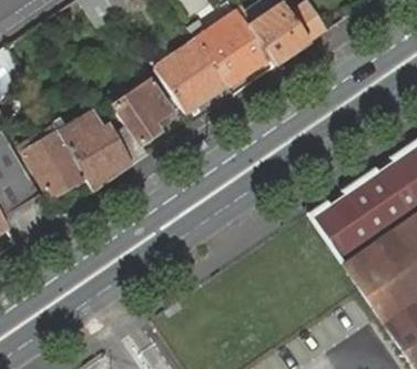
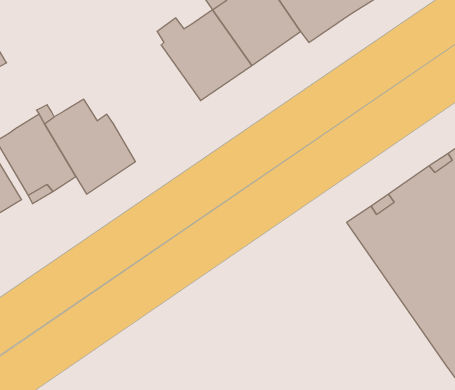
building: [114,80,172,162] -> none

